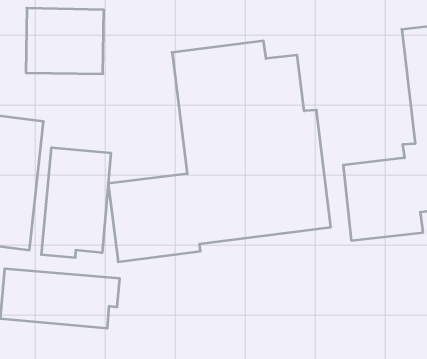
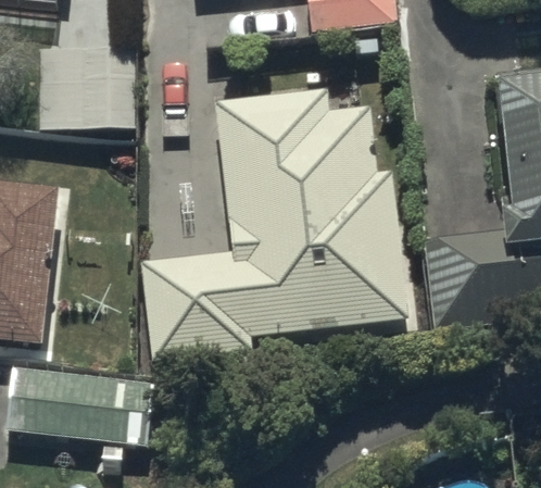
building: [41,148,111,258] -> none

